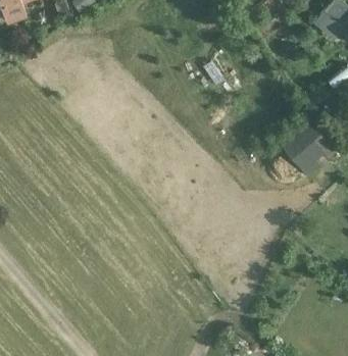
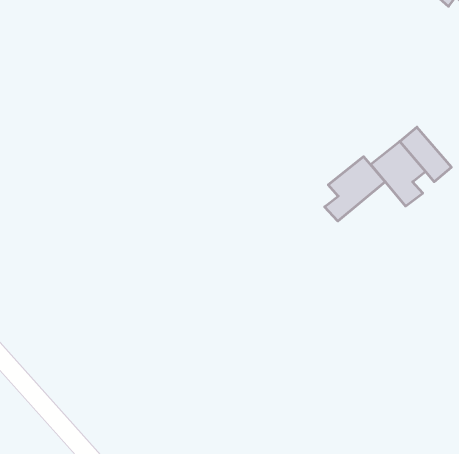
building: none -> [325,157,385,221]

